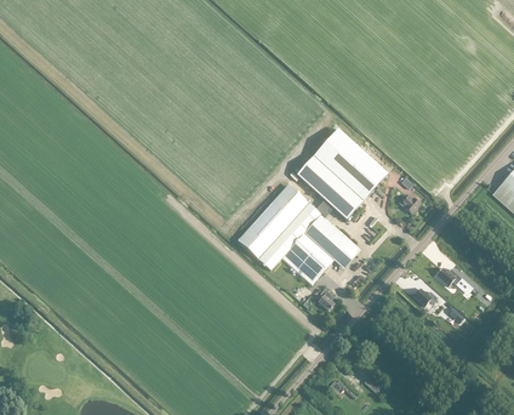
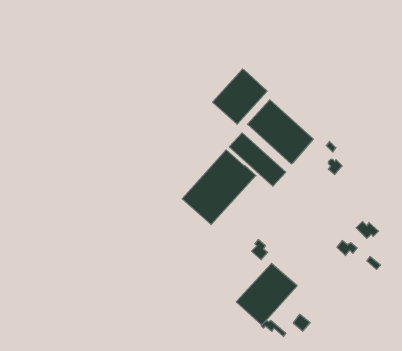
building: none -> [213,69,267,124]
building: [282,214,352,284] -> [236,263,297,325]

